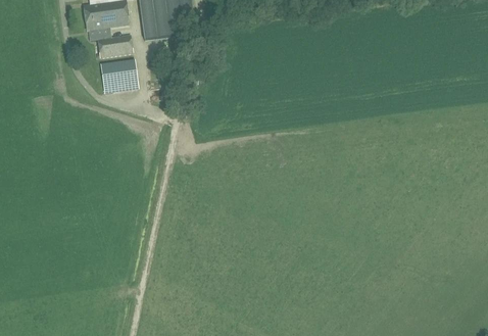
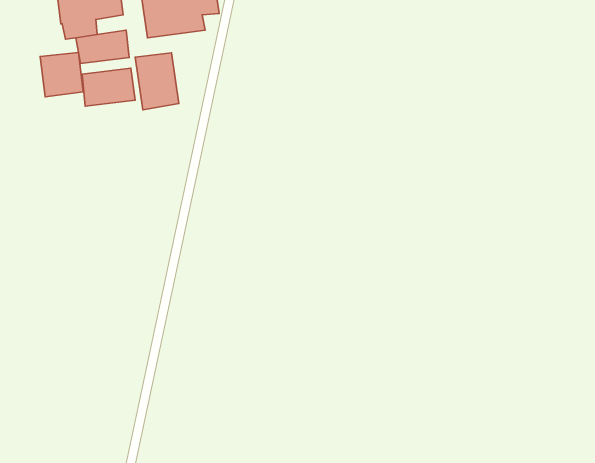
building: none -> [40,52,83,97]
building: none -> [135,53,179,110]

